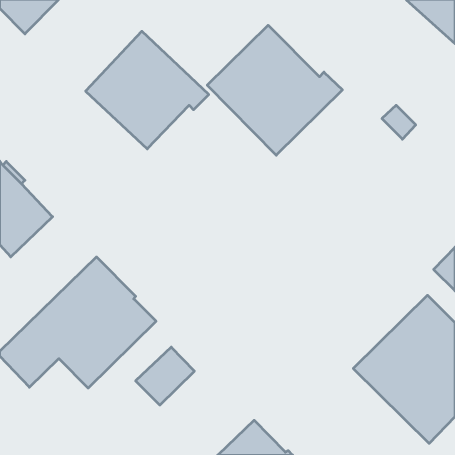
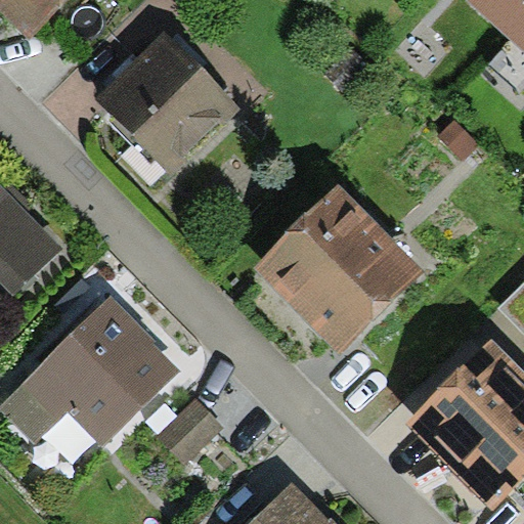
building: [207,25,342,155] -> none
building: none -> [253,183,424,353]

